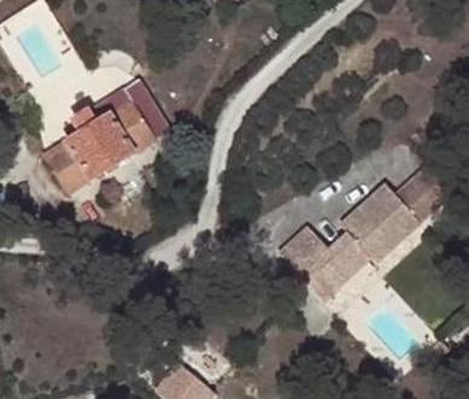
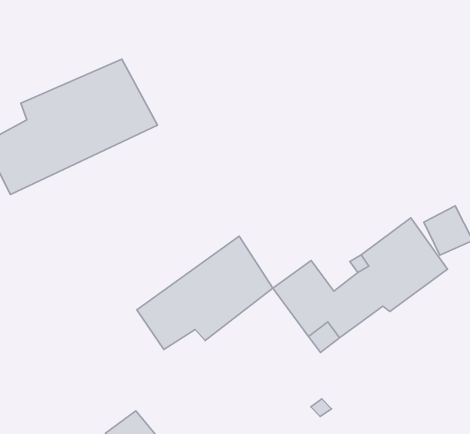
building: none -> [137,236,273,350]

